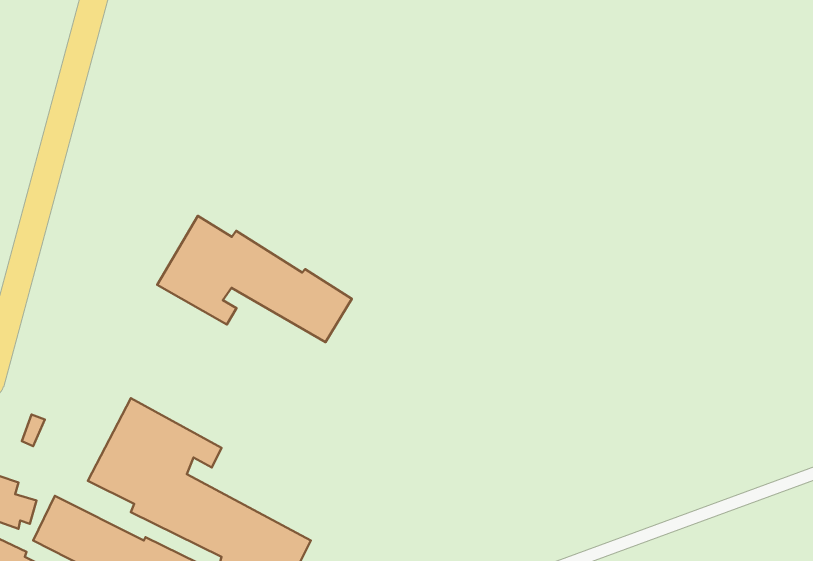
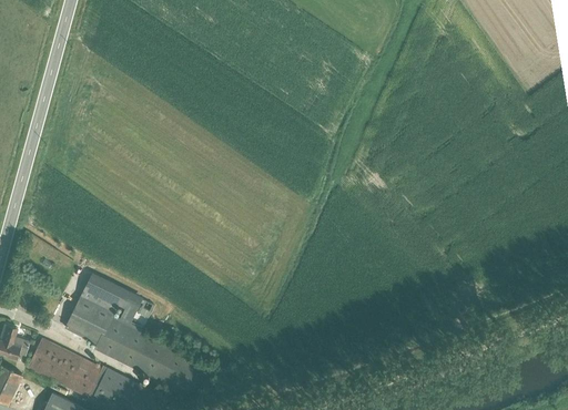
building: [157,216,352,342] -> none

